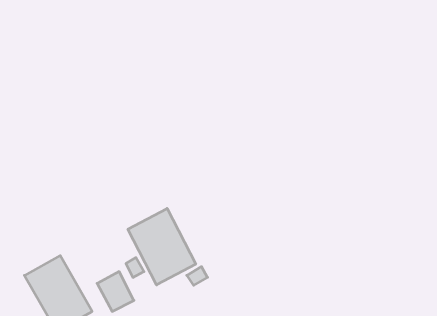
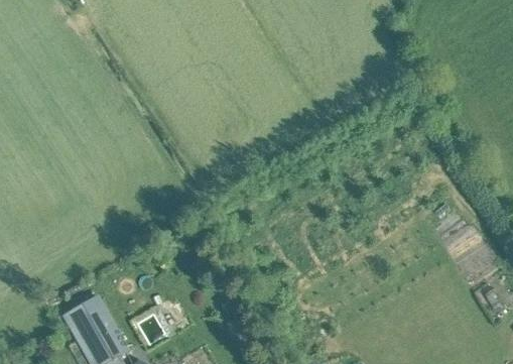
building: [128,208,196,285] -> none

